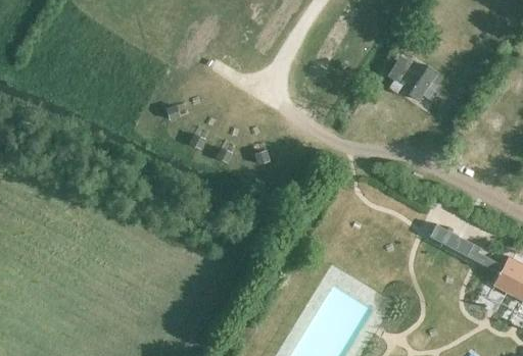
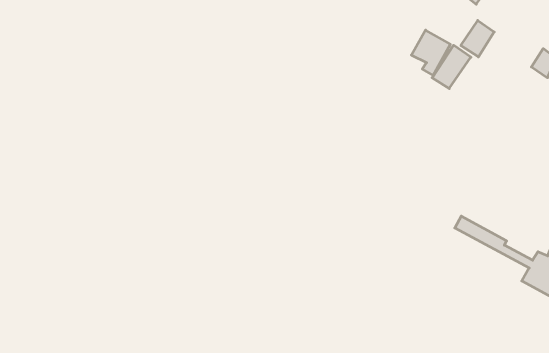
building: none -> [461,20,494,57]

